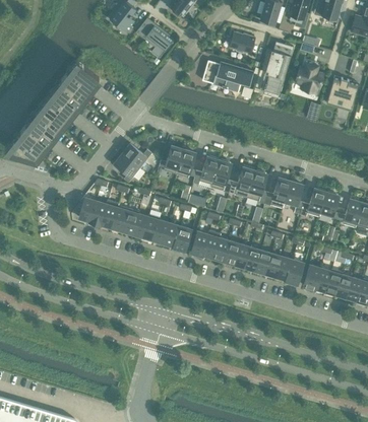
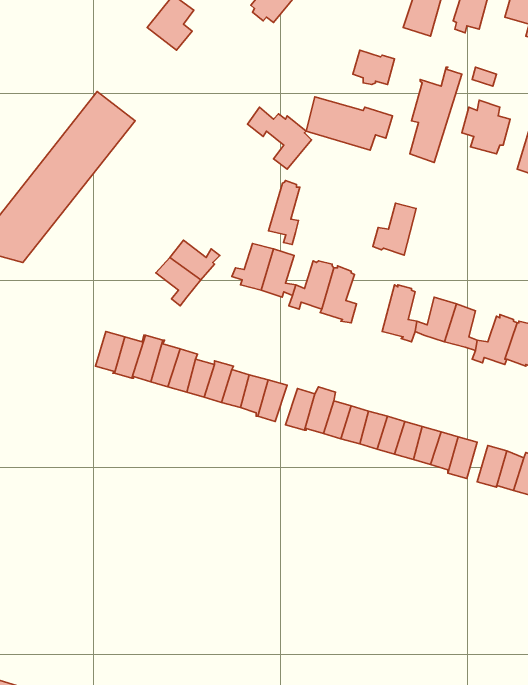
building: [135,21,173,58] -> [247,107,311,169]
building: none -> [269,181,300,245]
building: [229,167,254,198] -> [373,203,416,255]

